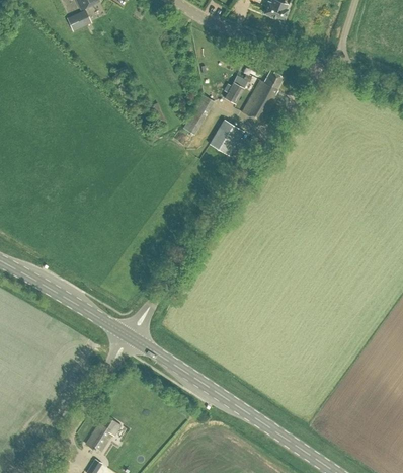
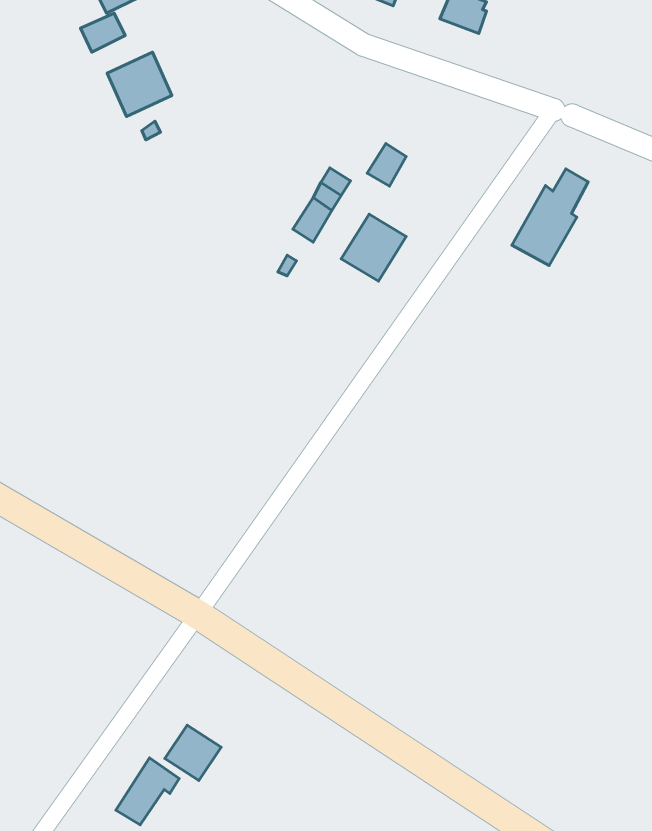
building: none -> [107,52,172,116]
building: [241,70,283,123] -> [512,169,588,266]
building: none -> [165,725,221,781]

